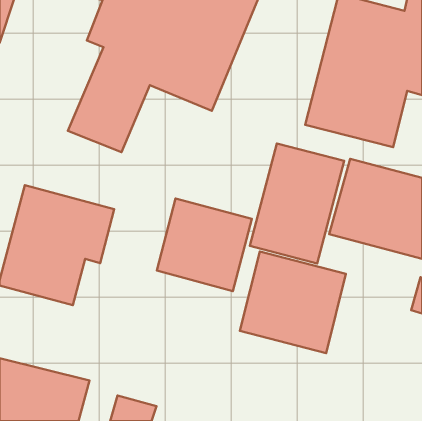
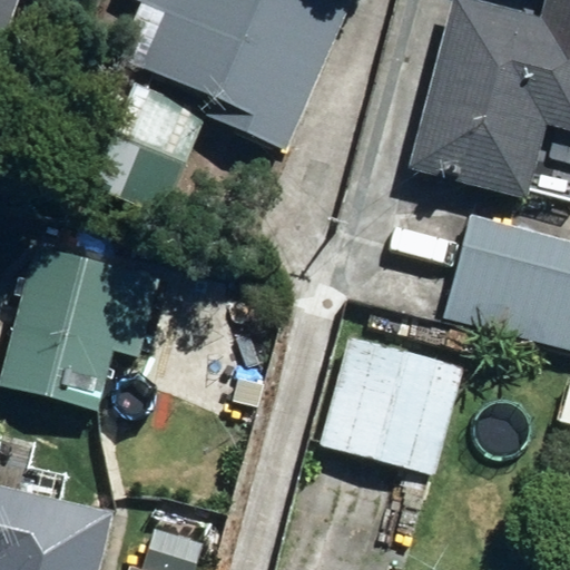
building: [250,143,344,263] -> none
building: [157,198,252,291] -> none

